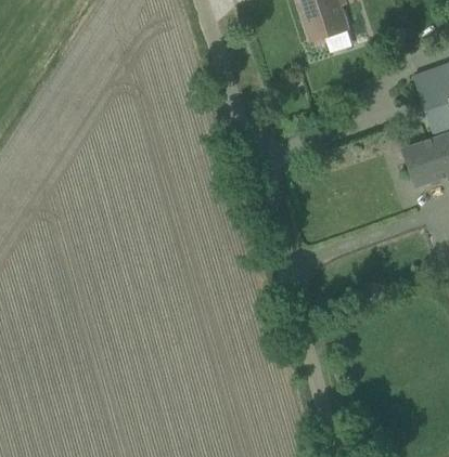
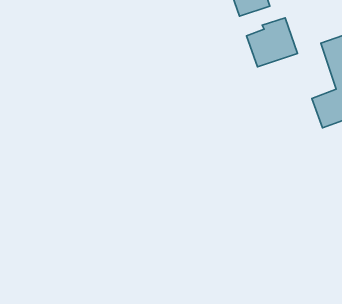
building: none -> [247,18,297,67]

